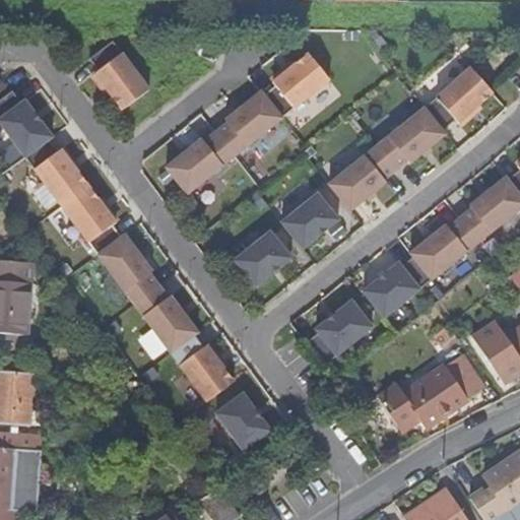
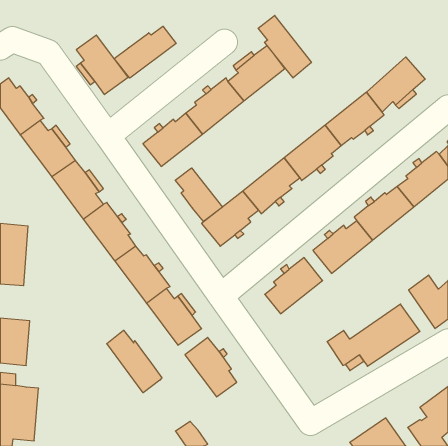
building: none -> [258,15,311,78]
building: none -> [114,26,176,78]
building: none -> [175,168,222,222]
building: none -> [107,330,162,393]

